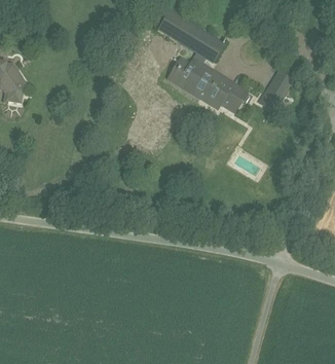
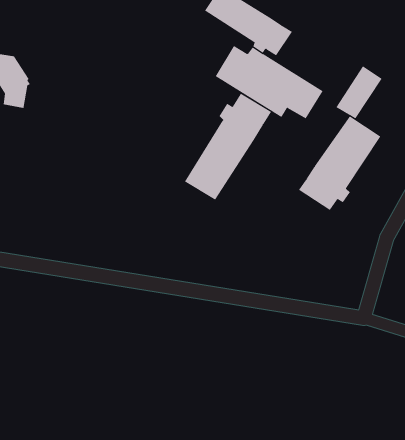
building: none -> [184,93,272,201]
building: none -> [298,116,381,211]

